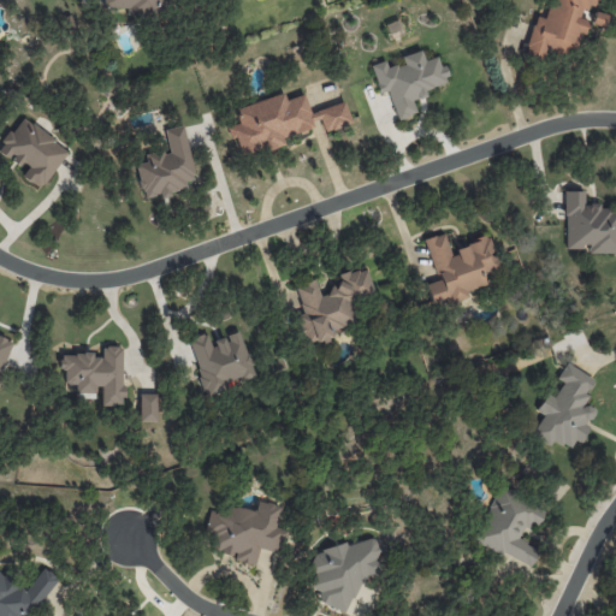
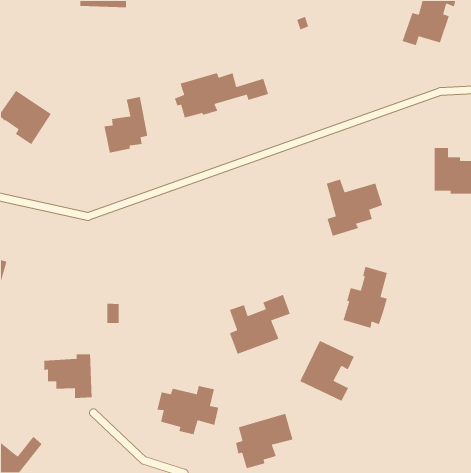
building: [373,51,449,119] -> none
building: [296,266,377,345] -> [229,294,291,355]
building: [189,331,256,396] -> none
building: [61,346,125,405] -> [44,354,93,399]
building: [535,366,594,448] -> [343,266,388,329]
building: [475,486,547,567] -> [299,340,355,402]

